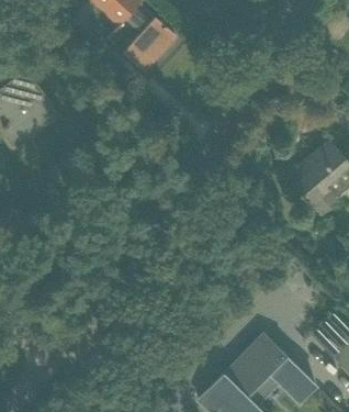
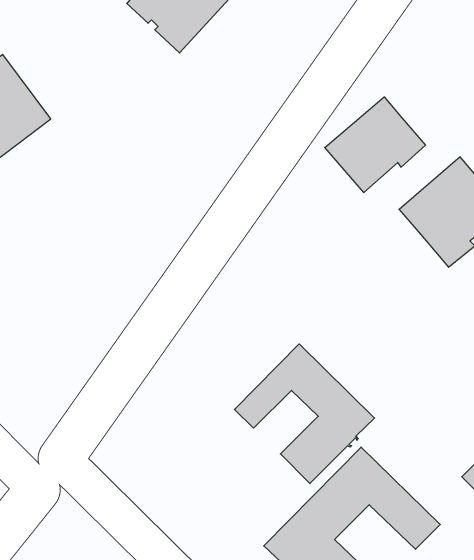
building: none -> [325,97,426,193]
building: none -> [234,344,375,484]

